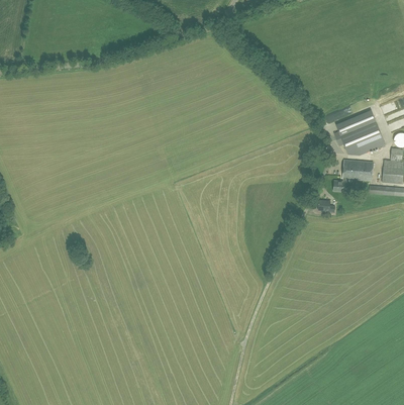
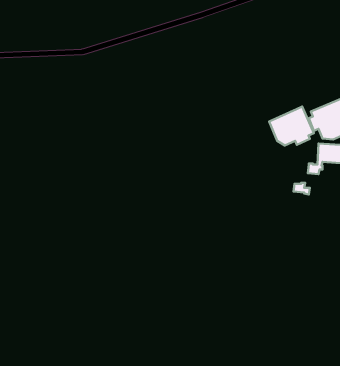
building: none -> [269,106,314,145]

